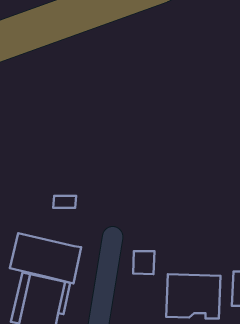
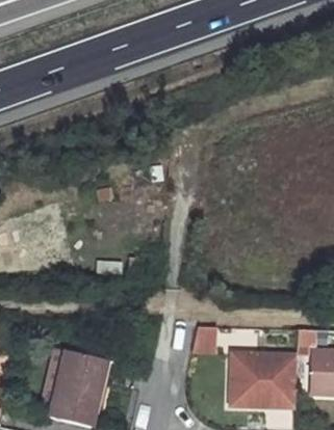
building: [10,233,81,283] -> none

